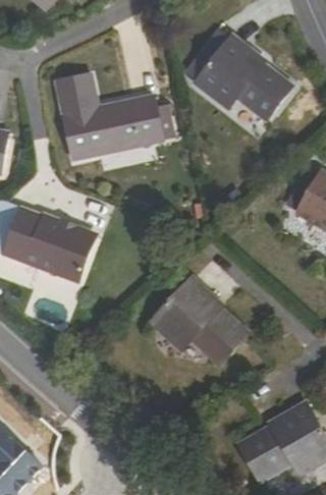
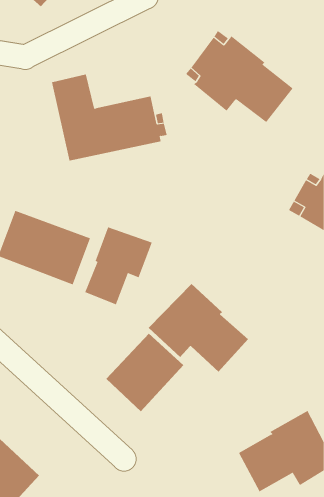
building: none -> [85,227,153,305]
building: none -> [105,333,184,412]

